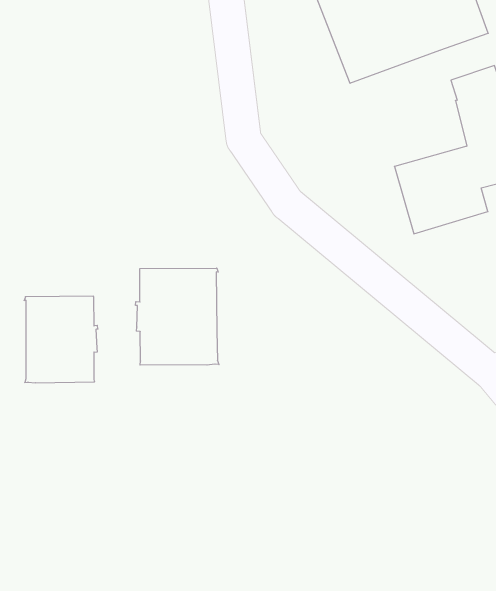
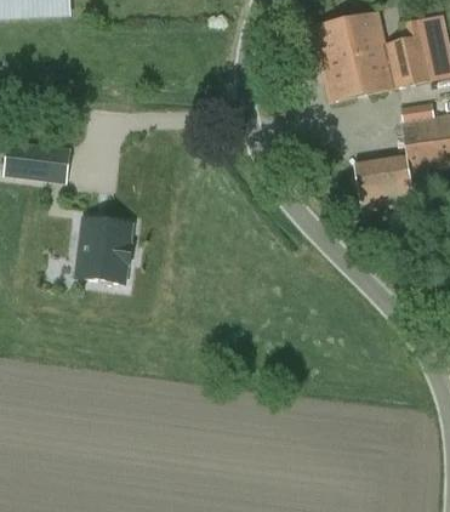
building: [136,268,219,365] -> none

